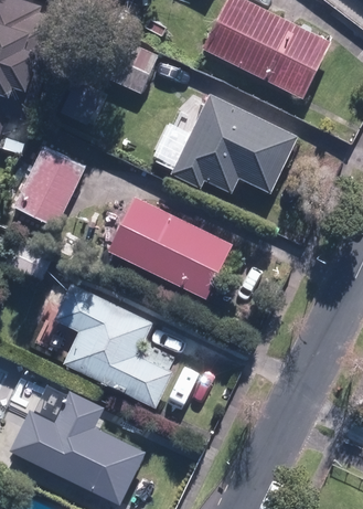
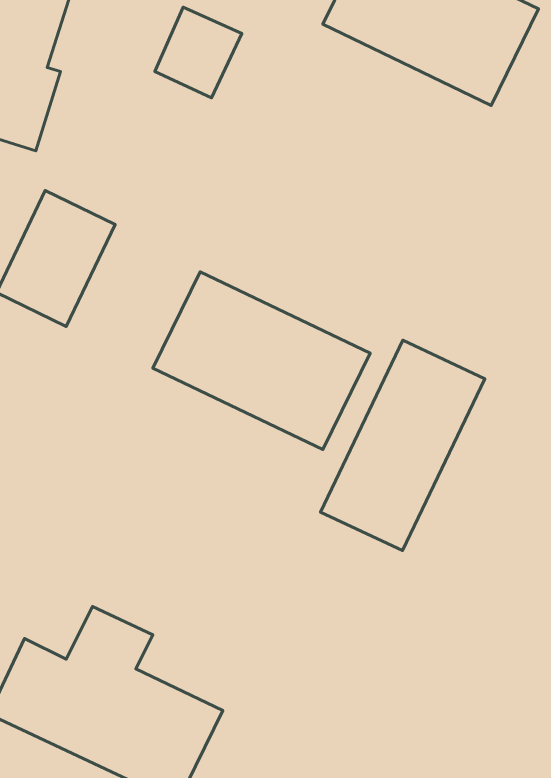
building: [170,94,296,193] -> none
building: none -> [321,340,485,551]
building: [53,283,172,407] -> none

